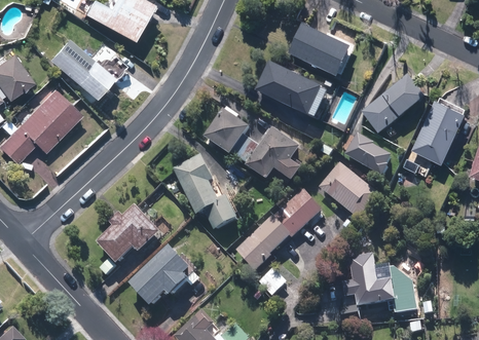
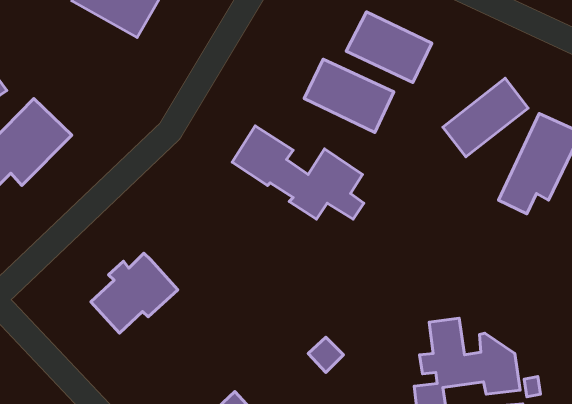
building: [47,38,112,100] -> none
building: [345,133,393,176] -> none
building: [175,155,238,229] -> none
building: [319,161,380,220] -> none
building: [236,189,323,270] -> none
building: [130,247,200,307] -> none

